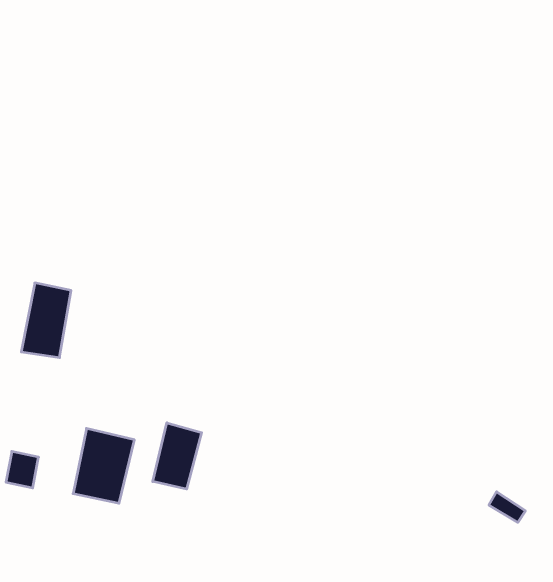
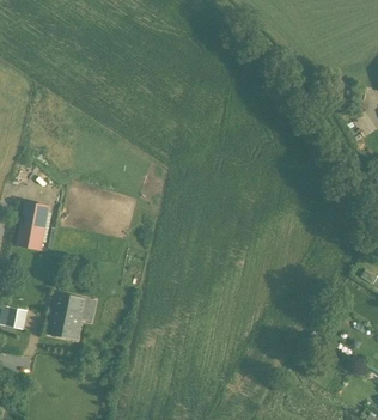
building: [153,423,202,489] -> none

